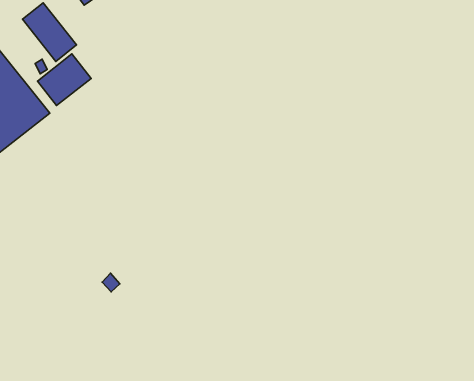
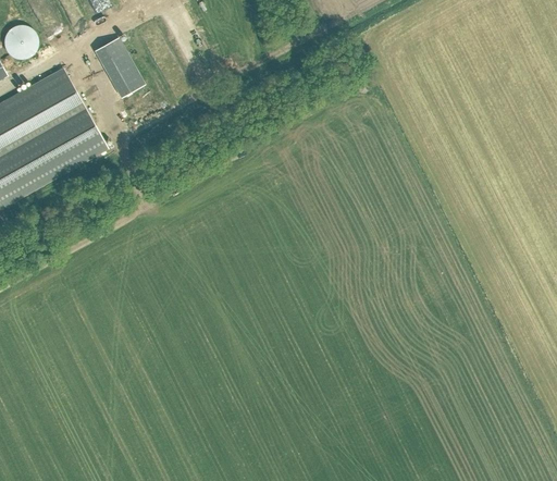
building: [37,54,91,106] -> none

